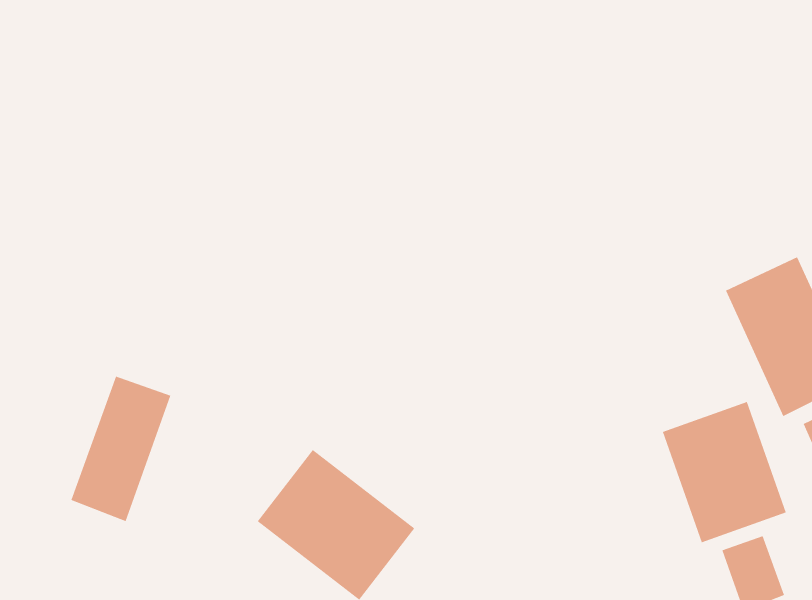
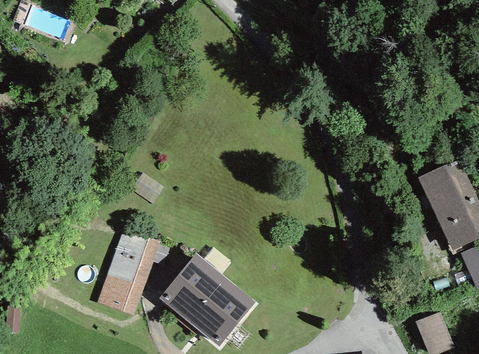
building: [70,376,171,522] -> [100,231,156,312]
building: [662,401,787,543] -> none

